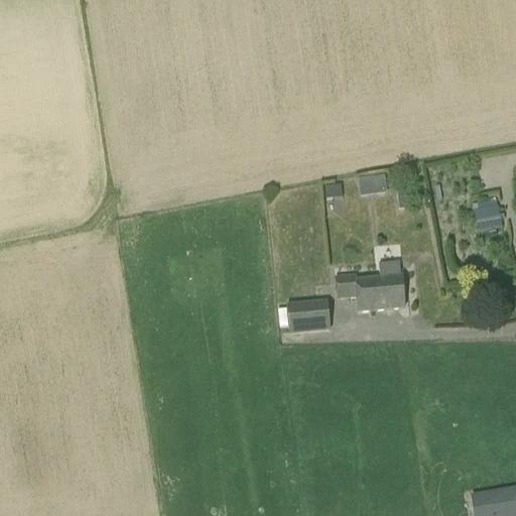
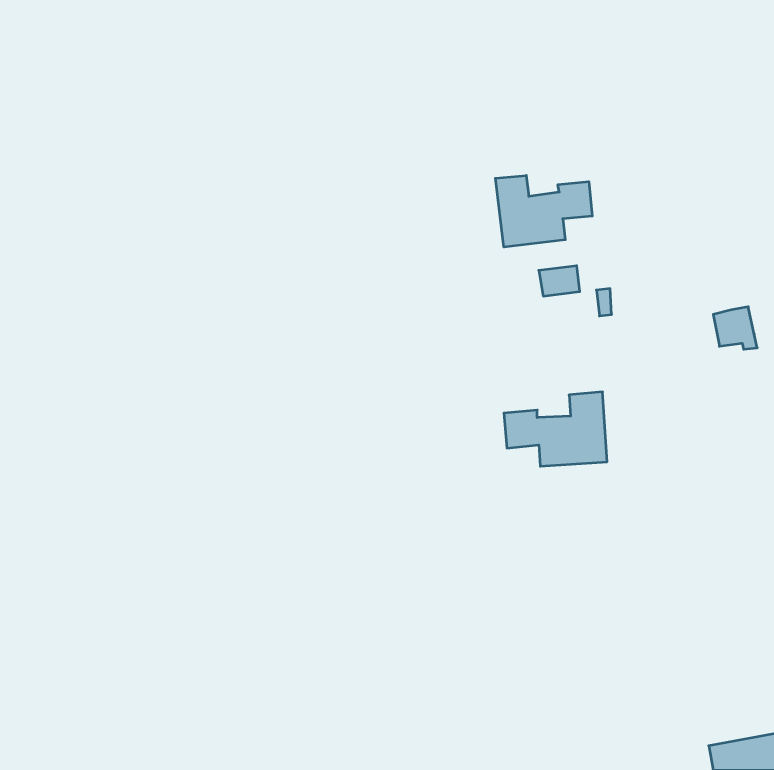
building: none -> [495,175,592,247]
building: [288,298,331,330] -> none

